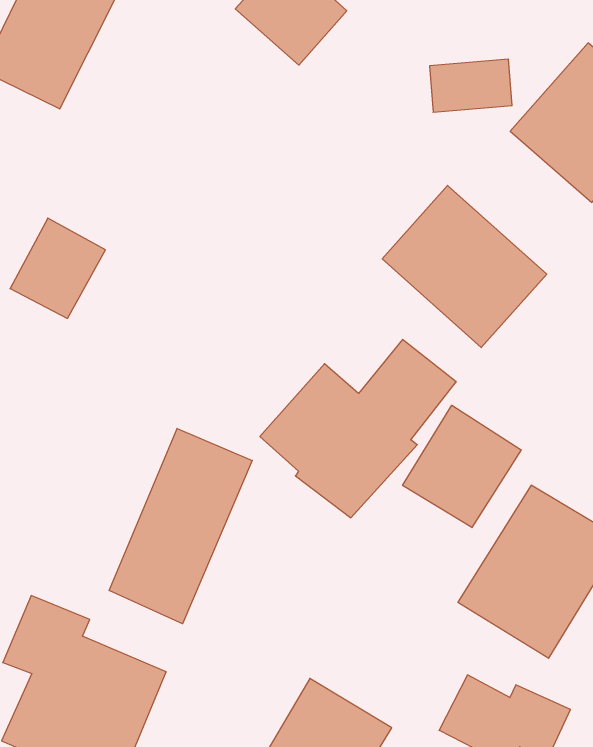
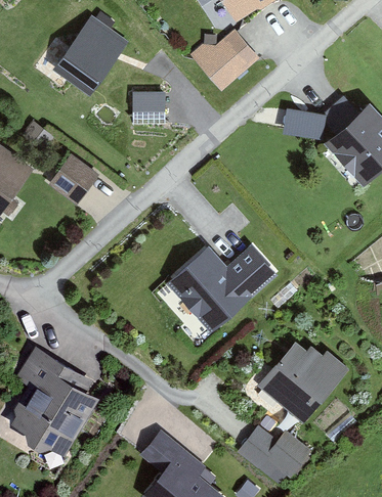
building: none -> [132,91,165,124]
building: [382,185,547,348] -> none
building: [403,405,521,528] -> none
building: [109,428,252,624] -> none

